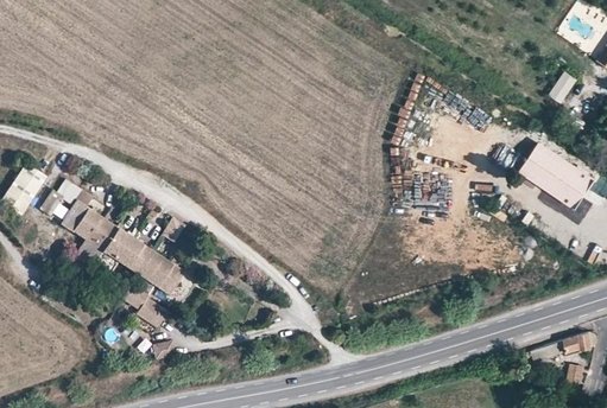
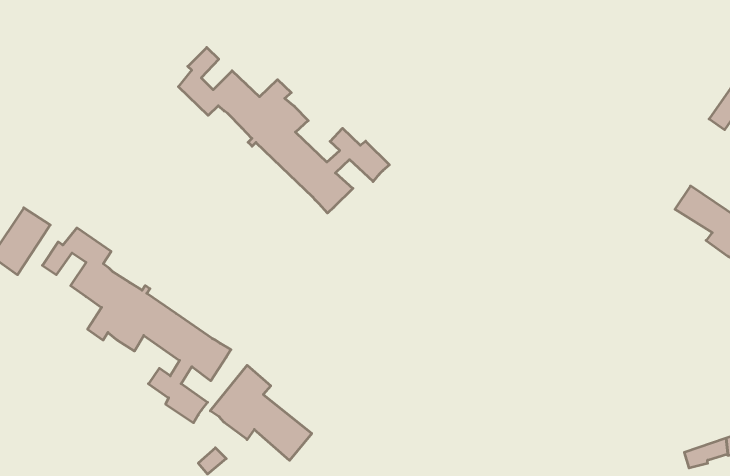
building: none -> [178,47,389,213]
building: none -> [210,365,312,460]

